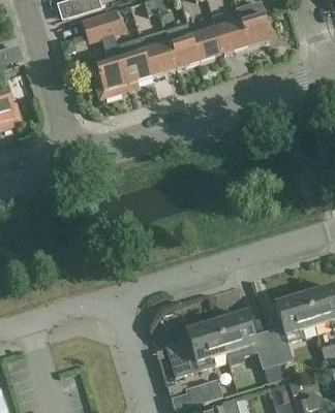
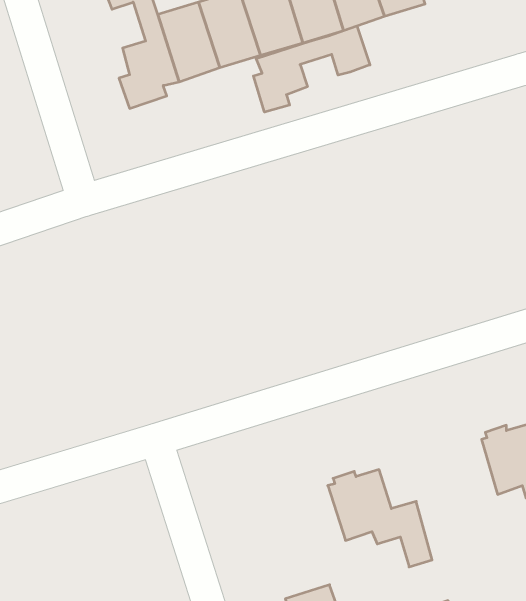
building: none -> [253,26,370,112]
building: [267,289,314,362] -> none
building: [168,318,225,374] -> none

